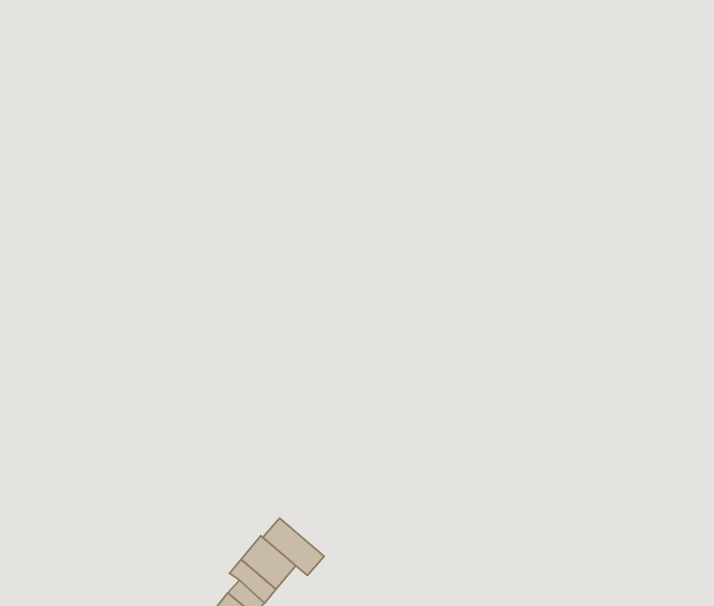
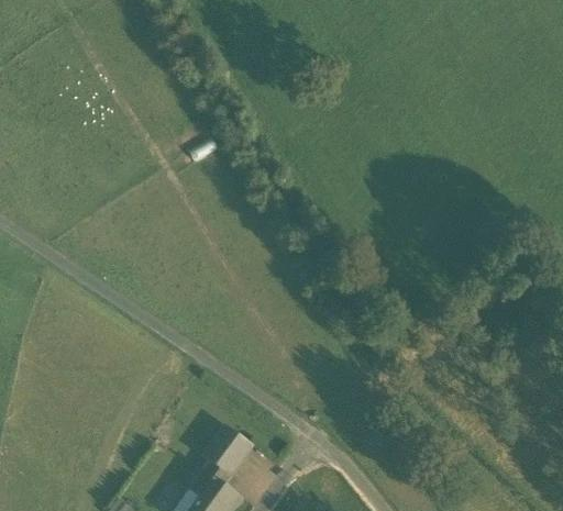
building: [263,518,324,575] -> none

